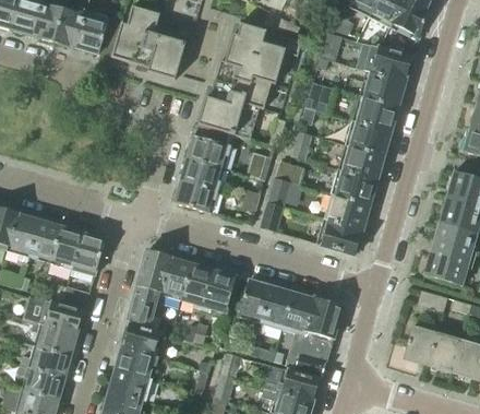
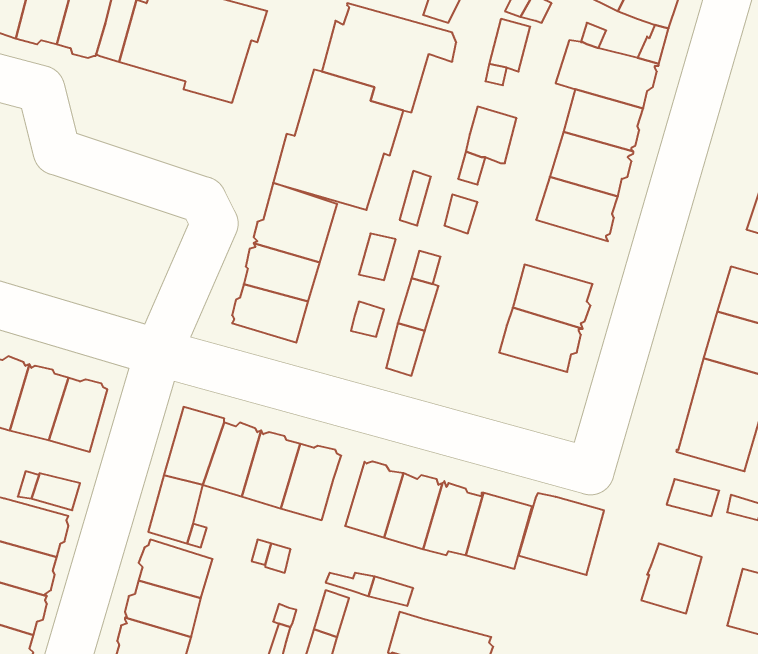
building: [338,144,385,180] -> none
building: [316,218,362,255] -> none
building: [285,330,333,376] -> [518,493,604,575]
building: [429,333,460,371] -> none

